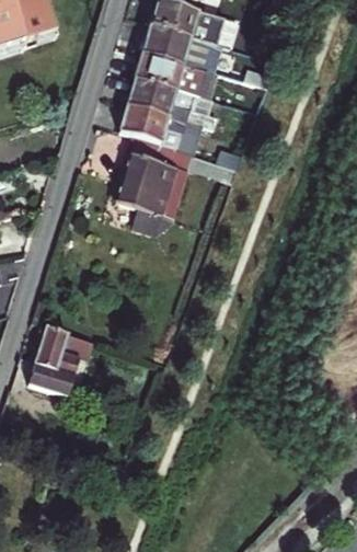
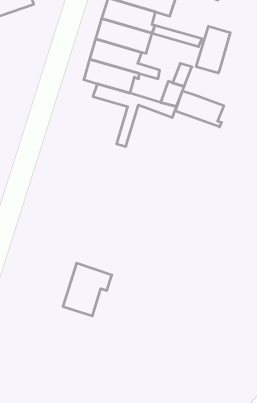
building: none -> [196,26,230,73]
building: none -> [175,91,224,127]
building: [116,152,175,214] -> none
building: [30,325,93,393] -> [63,263,112,316]

